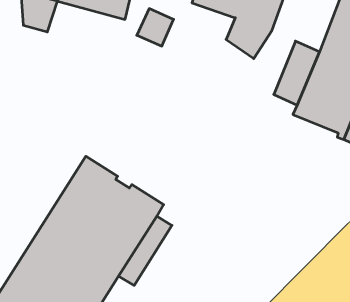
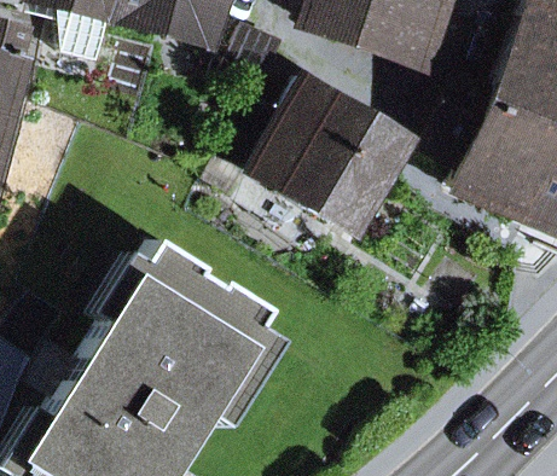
building: none -> [231,76,413,232]

